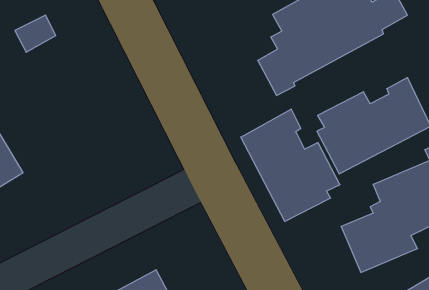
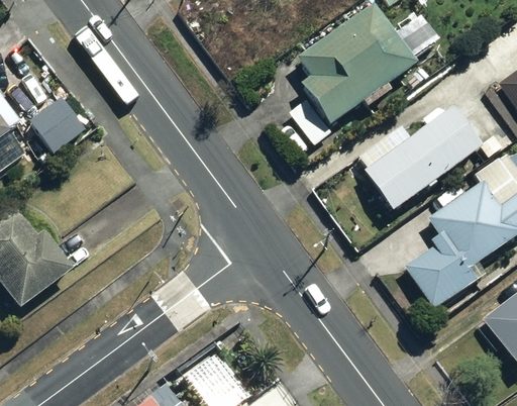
building: [241,109,340,221] -> none

